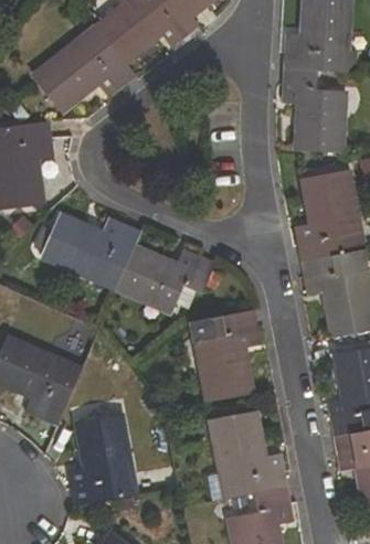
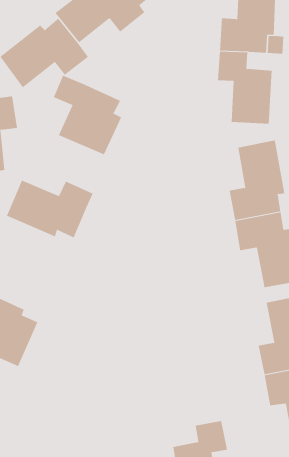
building: none -> [53,75,122,155]
building: [116,246,214,311] -> none
building: [194,308,262,401] -> none
building: [212,409,287,498] -> none
building: [67,413,131,504] -> none

